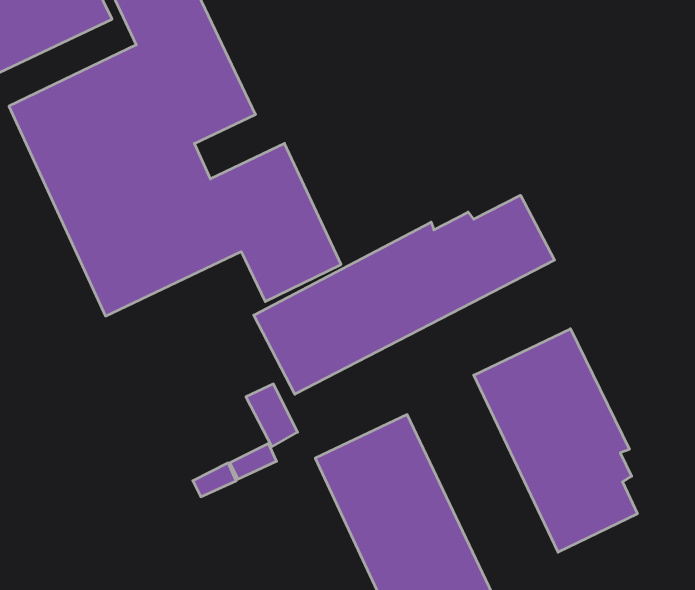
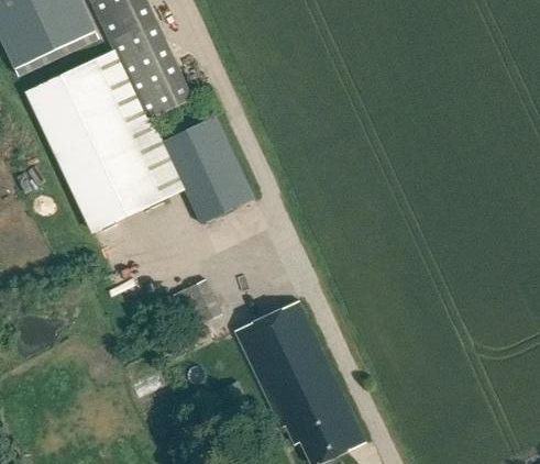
building: [254,195,555,394] -> none
building: [474,329,637,552] -> none

